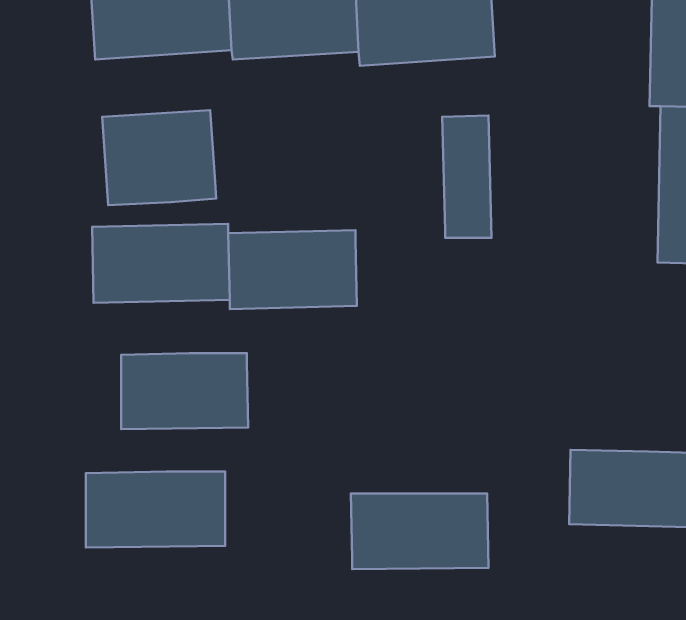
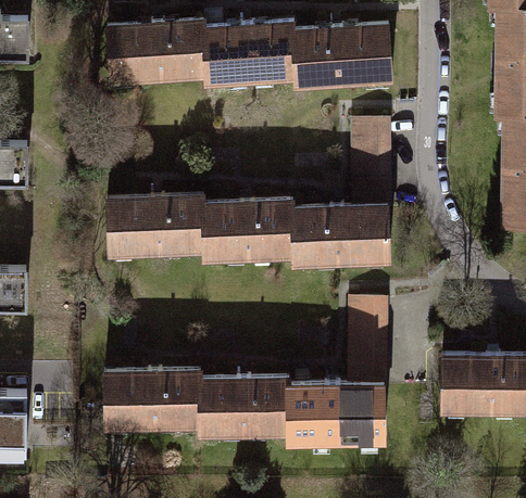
building: [102,110,216,205] -> none
building: none -> [290,207,387,261]
building: [121,353,248,429] -> [199,380,288,433]
building: none -> [349,302,383,386]

